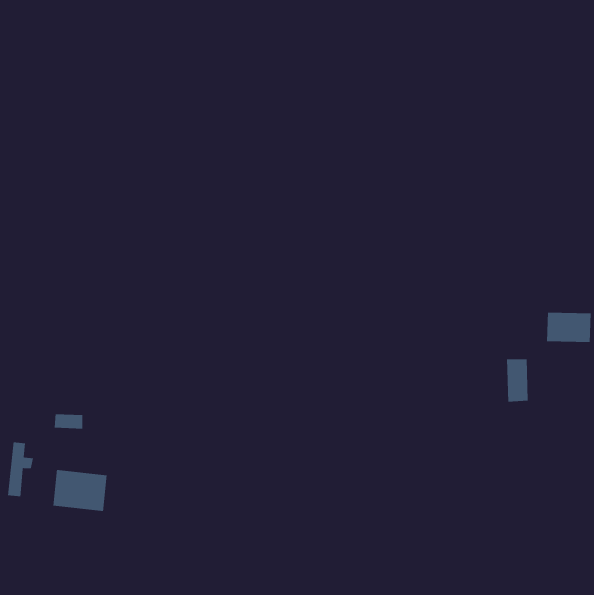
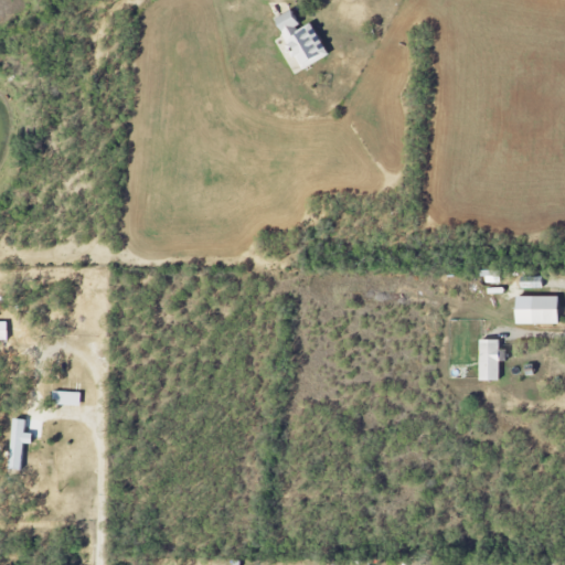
building: none -> [276,11,328,68]
building: [53,469,107,512] -> none

